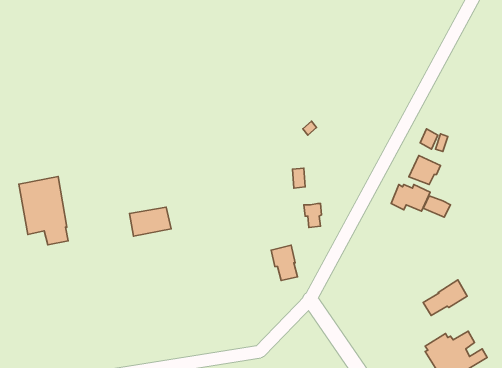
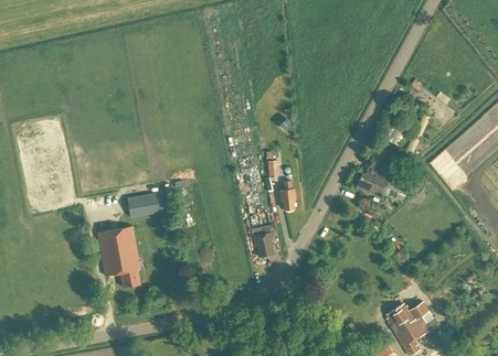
building: [19,176,68,245] -> [98,226,141,285]
building: [423,280,467,315] -> none

